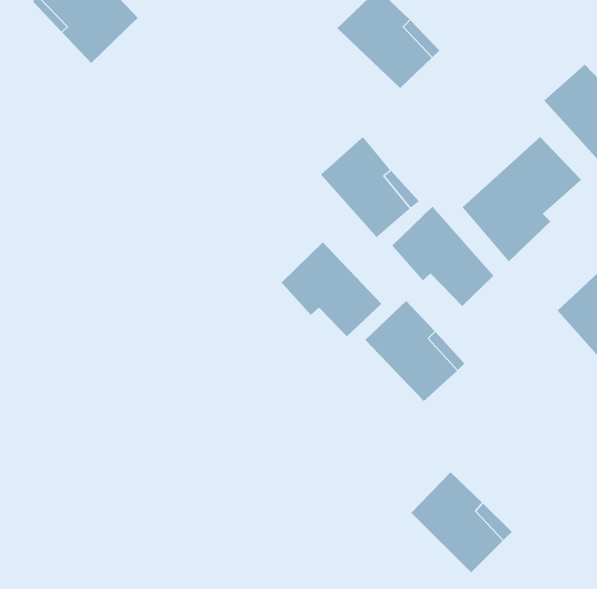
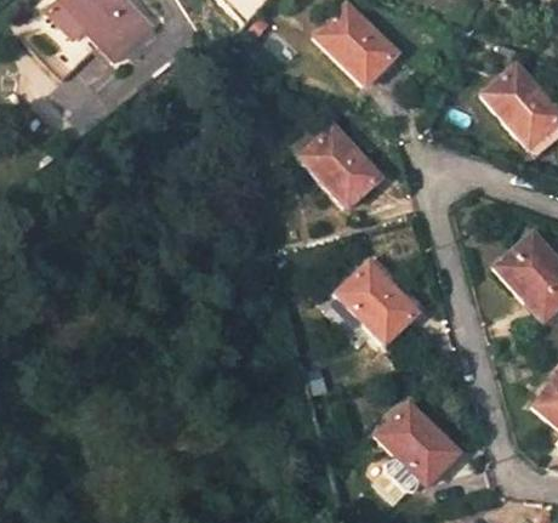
building: [462,136,582,262] -> none
building: [391,206,494,307] -> none
building: [281,242,382,337] -> none

